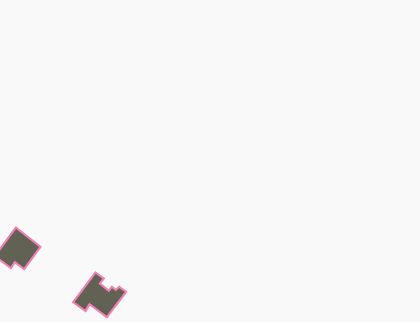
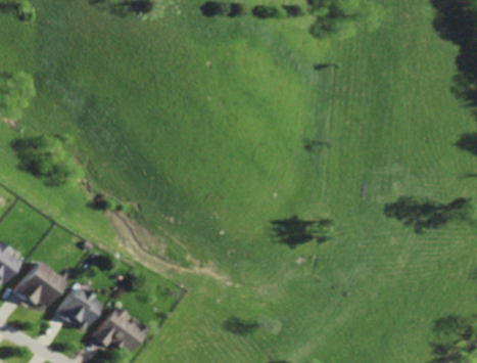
building: none -> [58,288,99,327]

